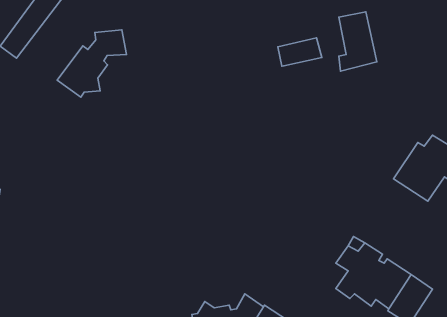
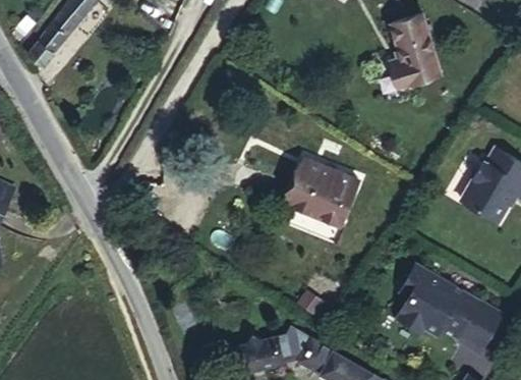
building: [57,30,126,97] -> none
building: [278,38,322,66] -> none
building: none -> [276,154,355,238]

